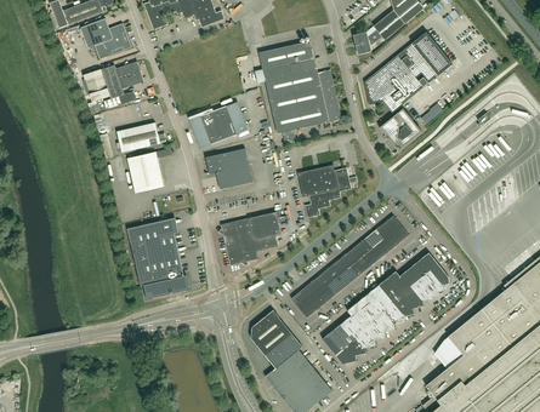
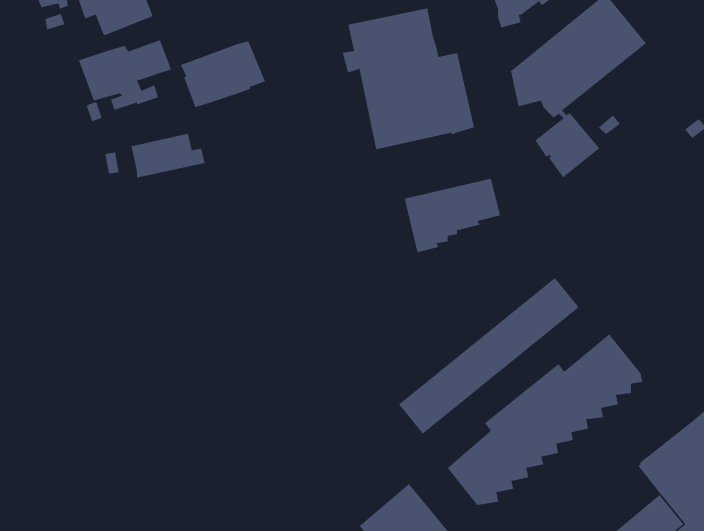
building: [192,103,248,147] -> [180,40,266,108]
building: [206,148,254,189] -> none
building: [129,149,171,193] -> none
building: [218,212,288,265] -> none
building: [127,218,189,299] -> none
building: [251,310,302,368] -> none

